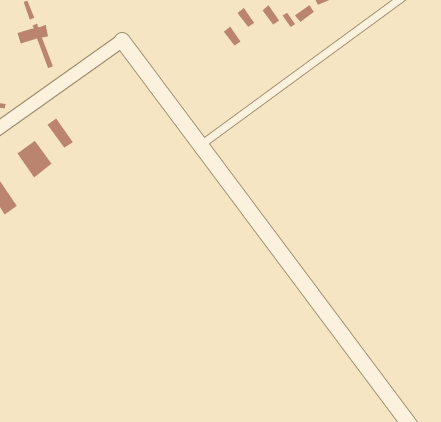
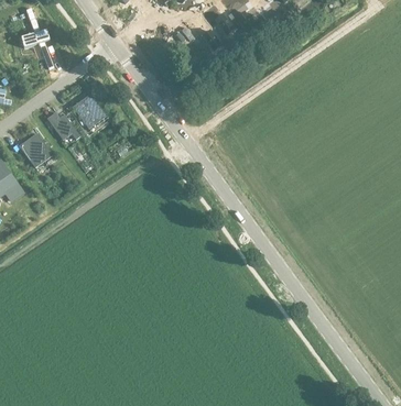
building: none -> [72,92,105,127]

